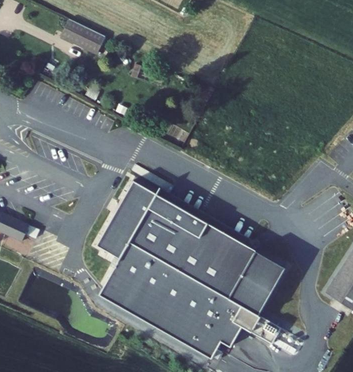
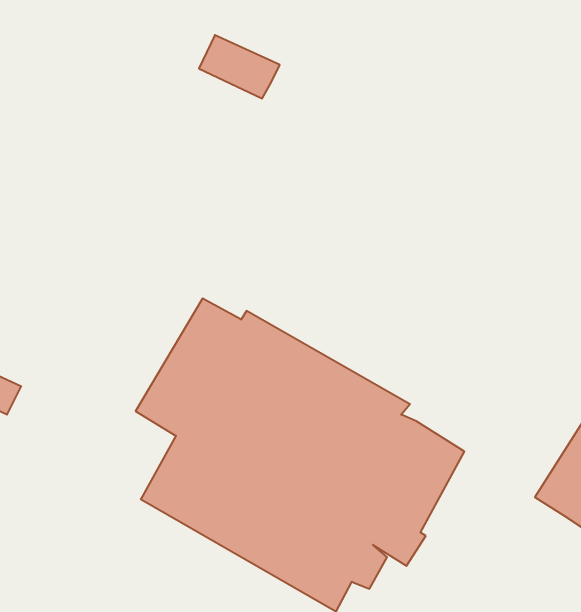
building: [67,22,113,58] -> [199,35,280,98]

